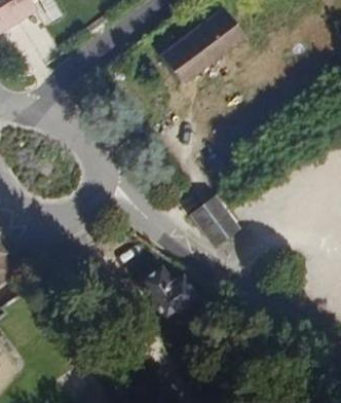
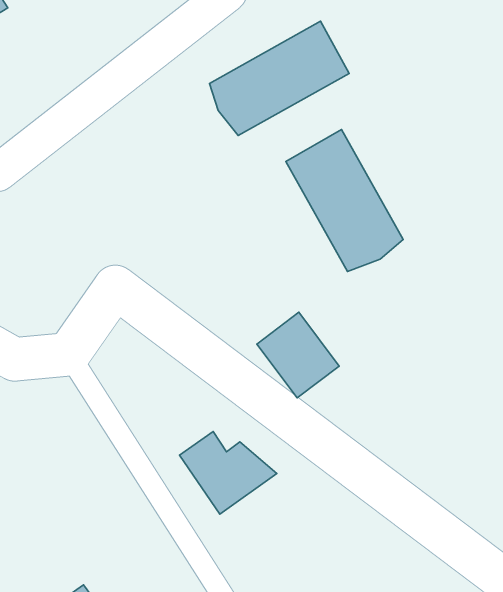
building: none -> [286,130,403,271]

